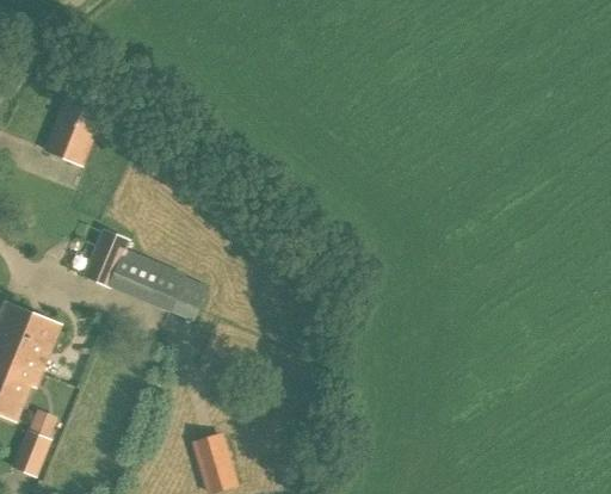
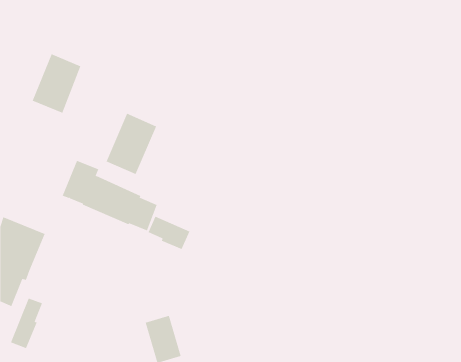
building: none -> [106,113,157,175]
building: none -> [148,216,190,250]

